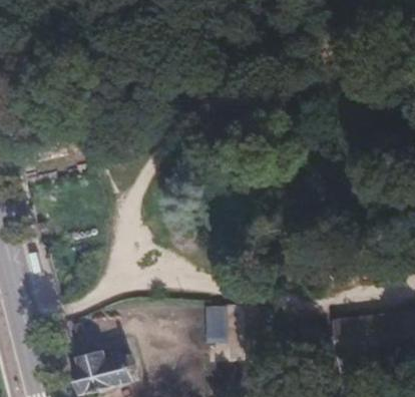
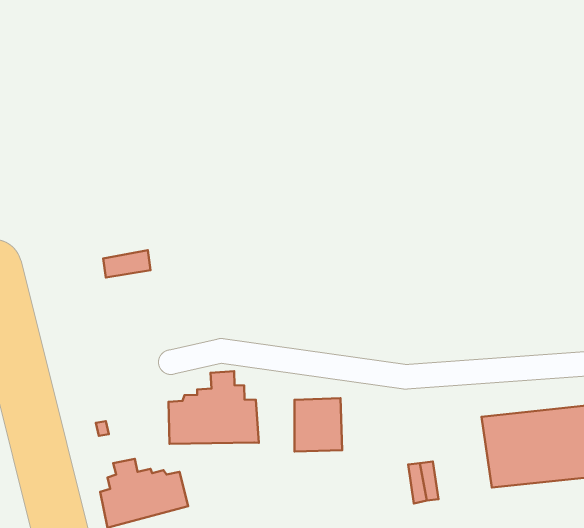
building: none -> [168,371,259,444]

